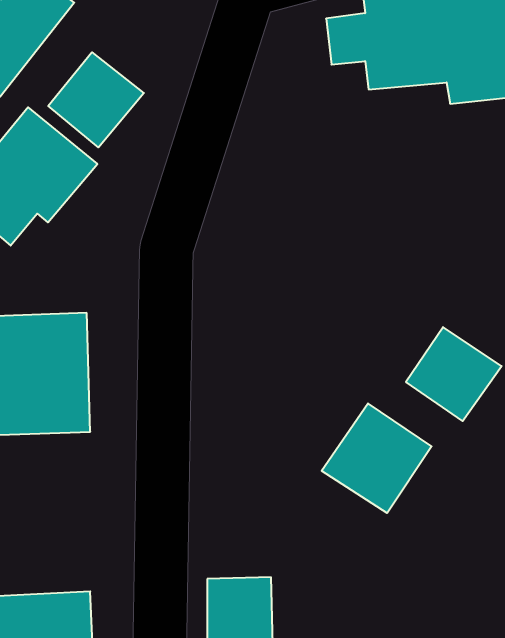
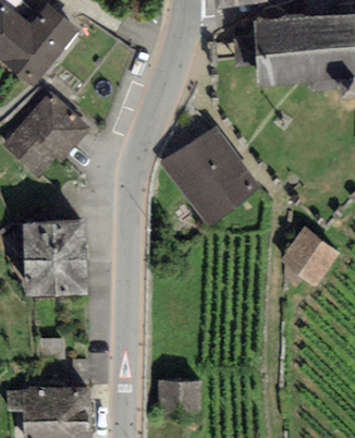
building: [48,52,144,147] -> none
building: none -> [164,126,258,222]
building: [322,403,432,513] -> none

